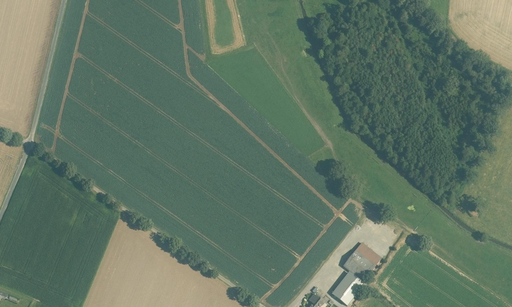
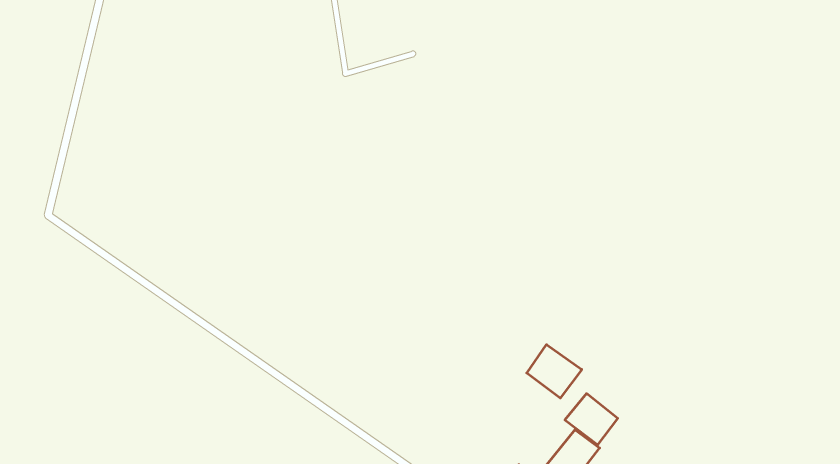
building: none -> [527,345,582,398]

